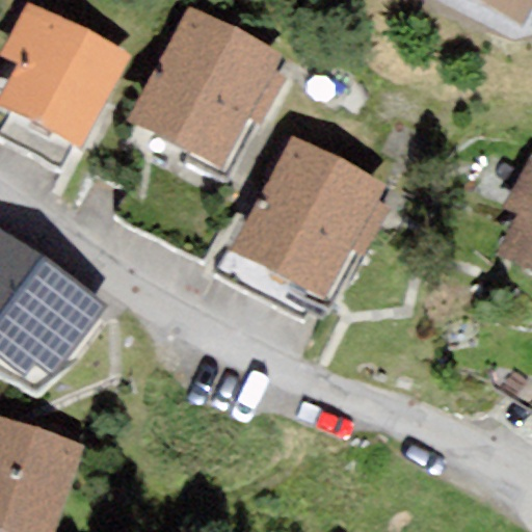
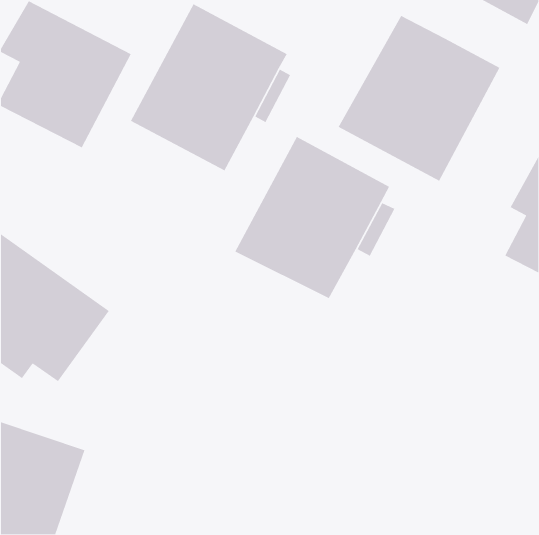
building: none -> [337,15,501,182]

